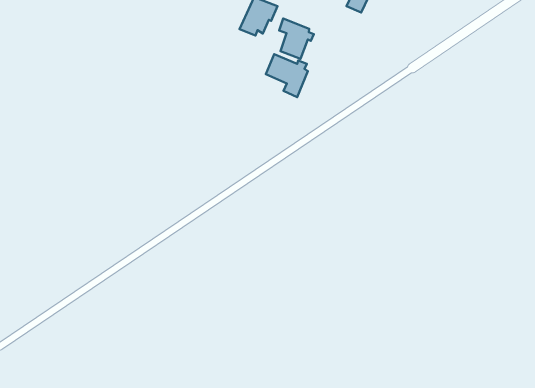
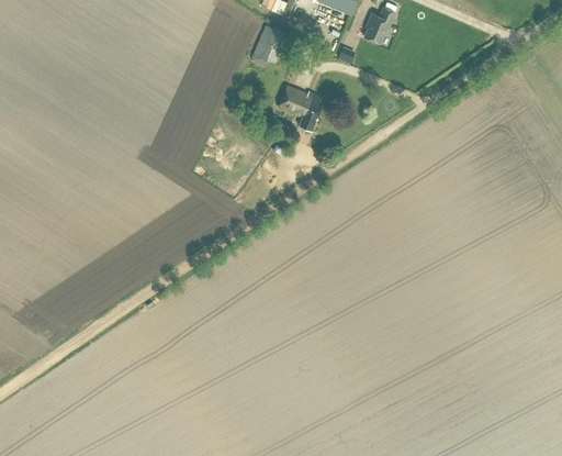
building: [279,19,314,59] -> none

